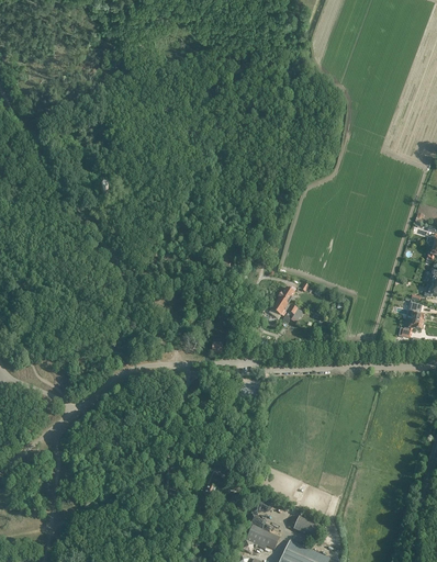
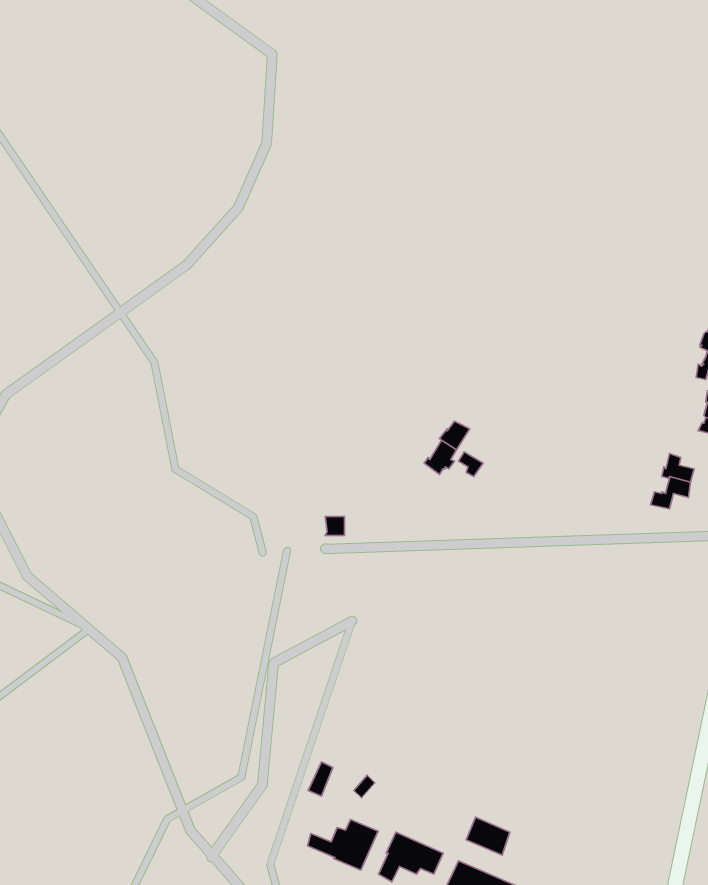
building: none -> [308,819,378,870]

